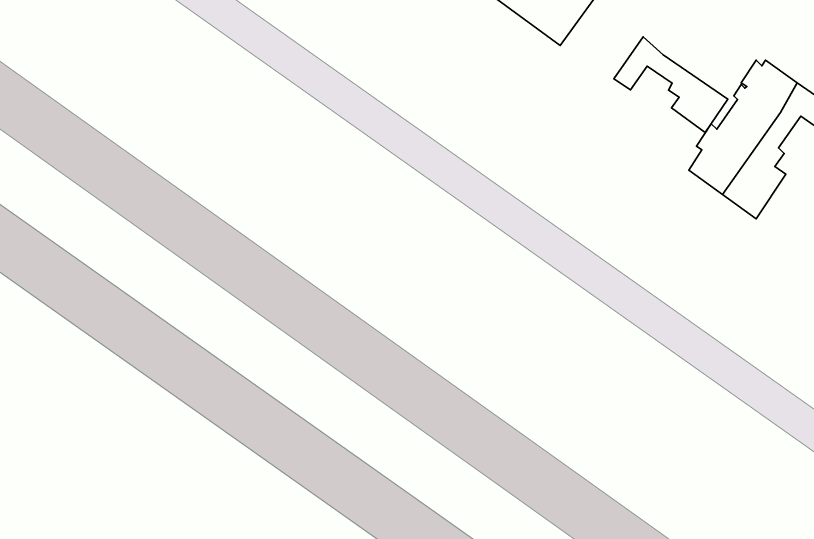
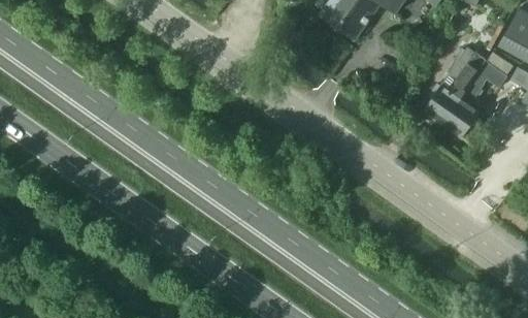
building: [614,37,728,133] -> none

